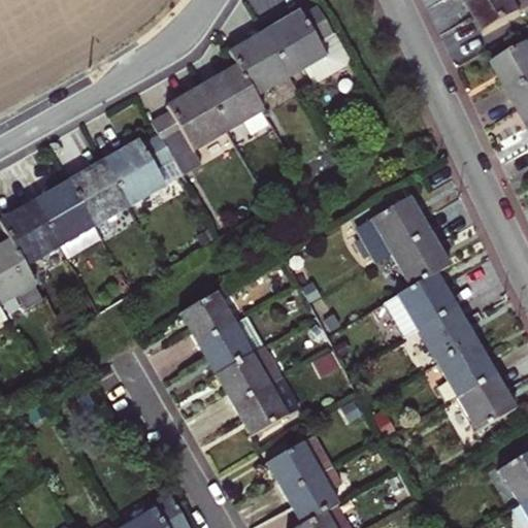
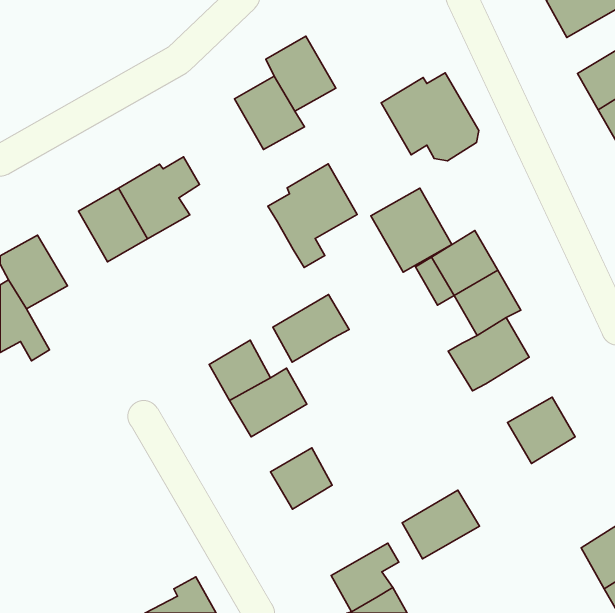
building: [263,5,346,80] -> [381,73,479,161]
building: [151,85,227,173] -> [268,164,357,268]
building: none -> [371,188,452,272]
building: [34,180,94,244] -> none
building: [417,305,473,361] -> none
building: [217,345,282,403] -> [273,294,349,362]
building: [456,373,514,430] -> none
building: [267,433,333,492] -> [402,490,479,559]

